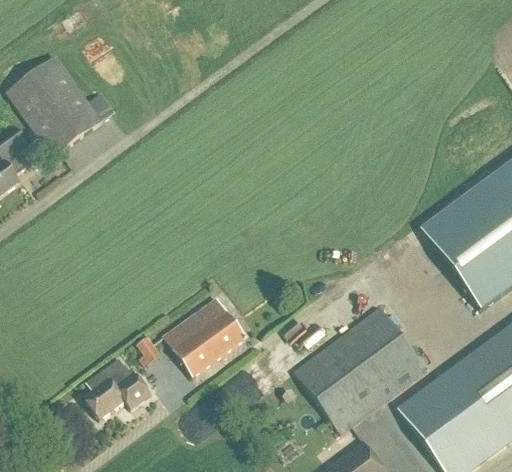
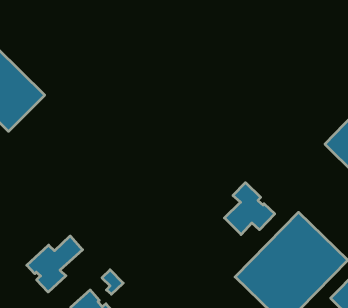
building: none -> [224,183,275,235]
building: none -> [27,236,83,292]
building: [163,296,246,376] -> none

